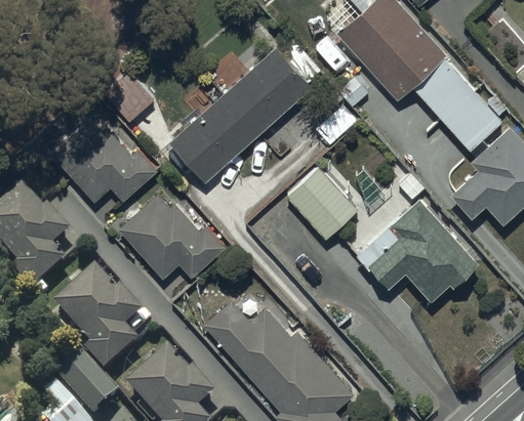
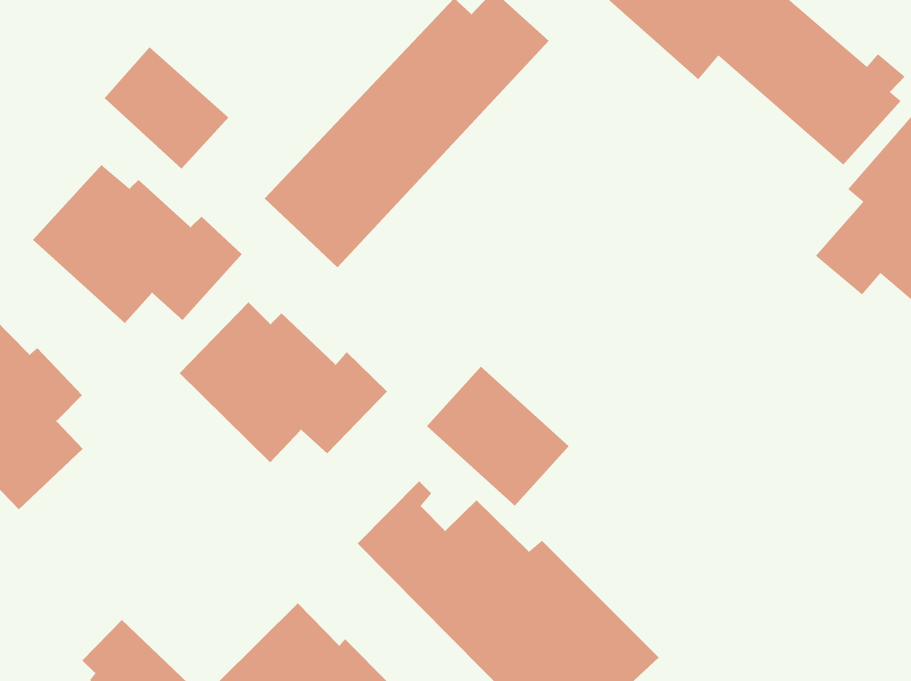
building: [286,165,359,239] -> [426,366,569,507]
building: [358,199,482,303] -> none
building: [55,271,145,376] -> none

